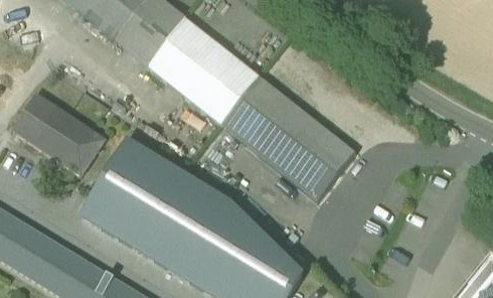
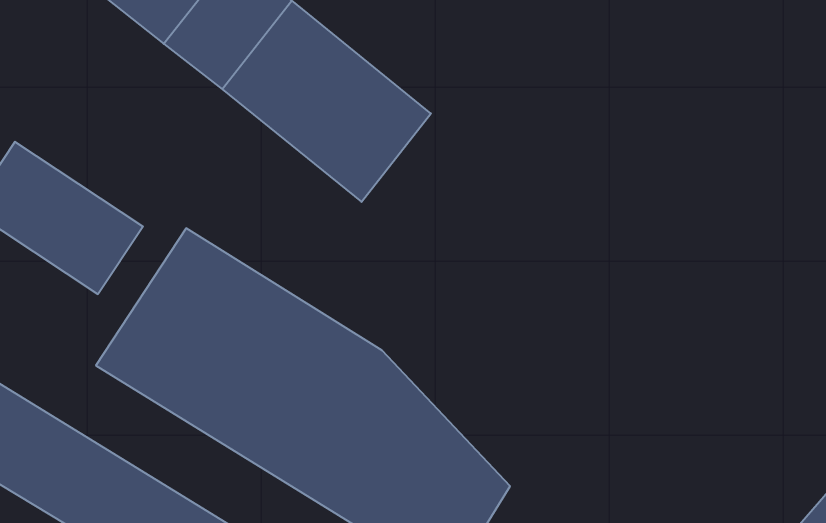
building: [222,79,355,201] -> none

